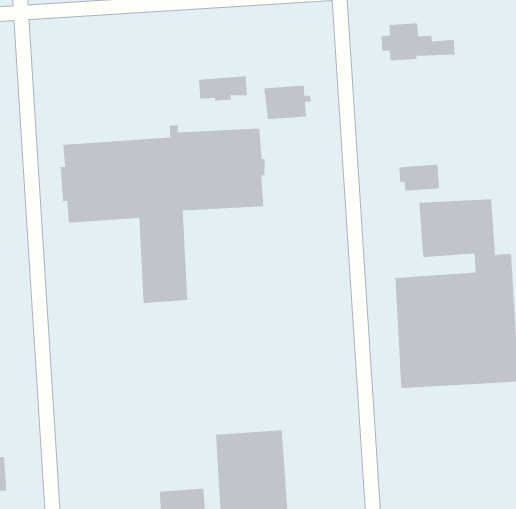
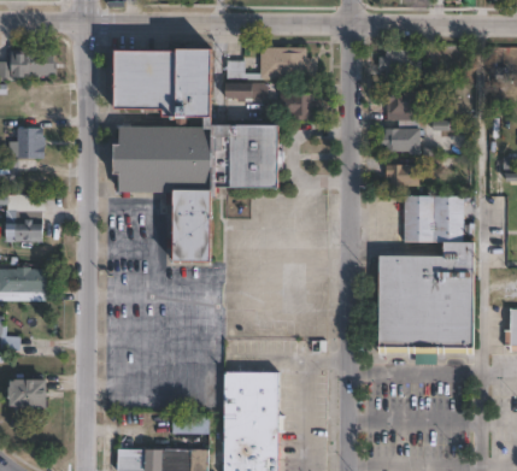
building: none -> [247,45,319,78]
building: none -> [112,47,213,118]
building: none -> [382,89,428,155]

